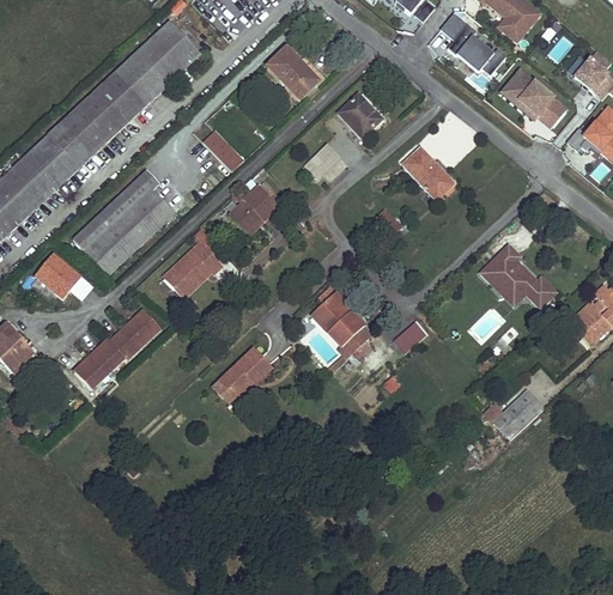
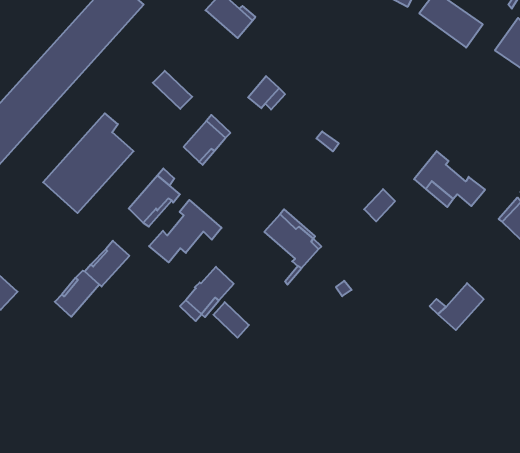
building: [338,95,381,136] -> none
building: [402,146,454,199] -> none
building: [32,251,83,300] -> none
building: none -> [149,200,222,262]
building: [393,318,427,353] -> [364,189,395,221]
building: none -> [213,302,249,338]

